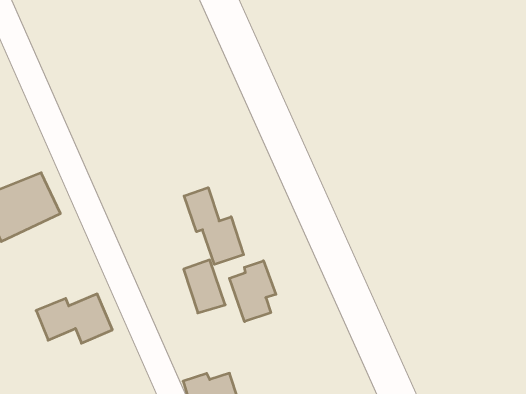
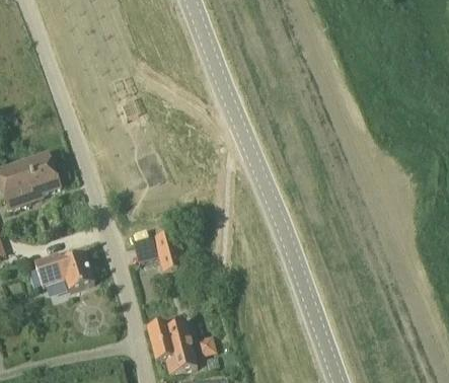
building: [184,188,244,264] -> none
building: [229,261,276,322] -> none

